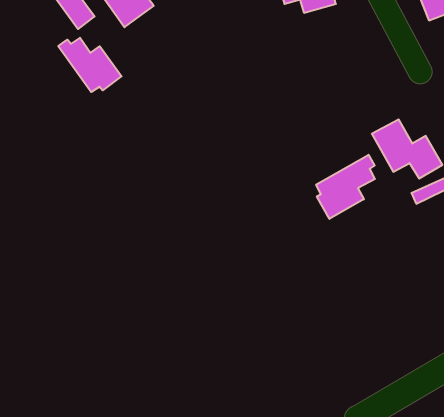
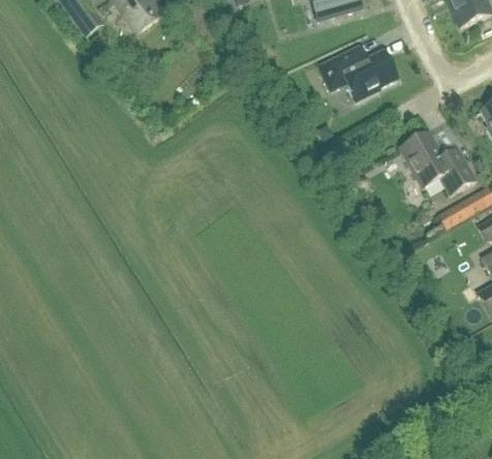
building: [58,38,122,92] -> none
building: none -> [319,45,397,100]
building: [316,155,375,219] -> none

